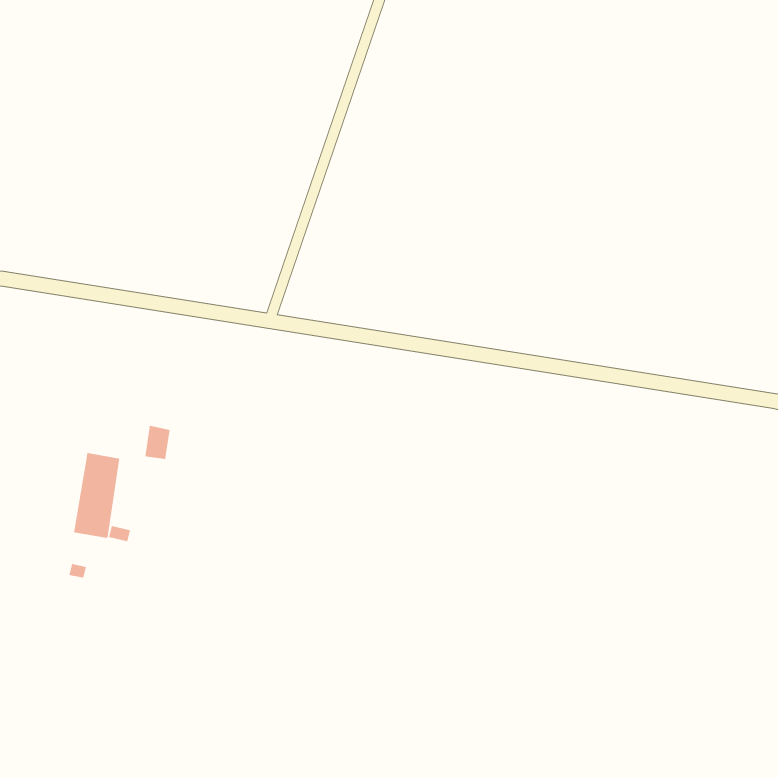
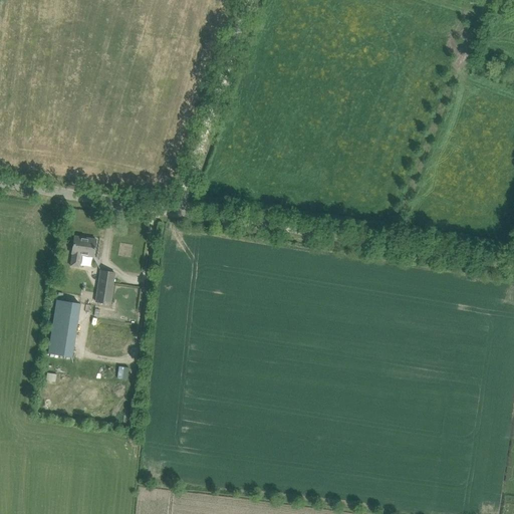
building: none -> [70,236,95,267]

